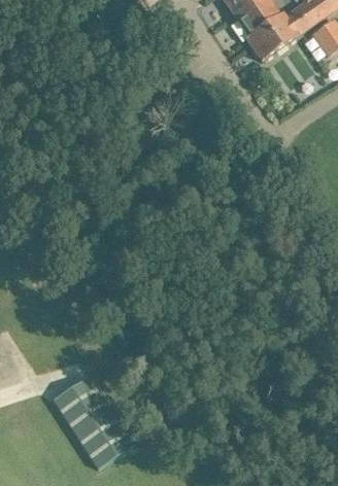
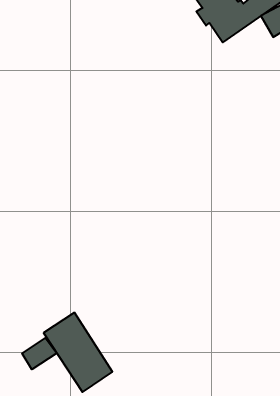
building: none -> [22,338,57,369]

